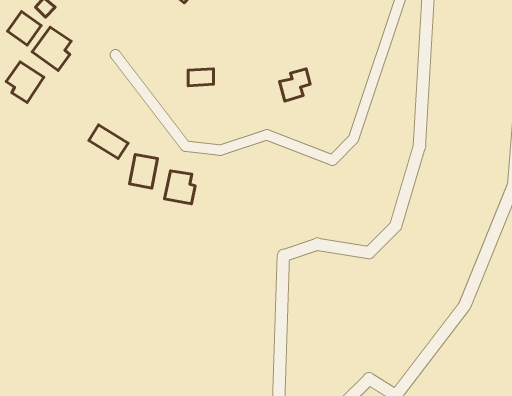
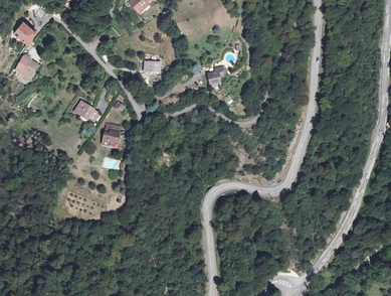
building: [32,27,71,70] -> none
building: [165,171,195,204] -> none

